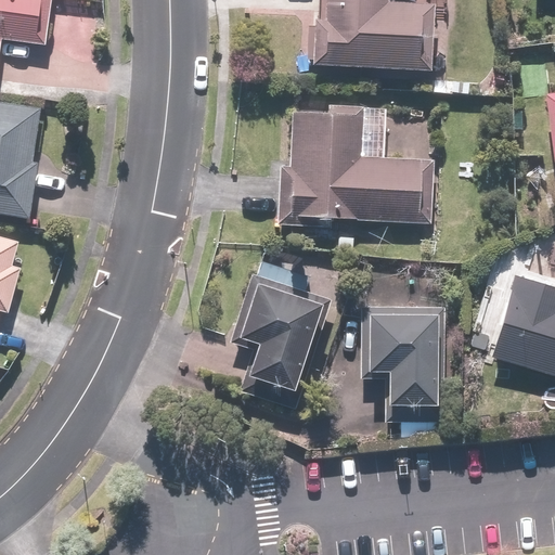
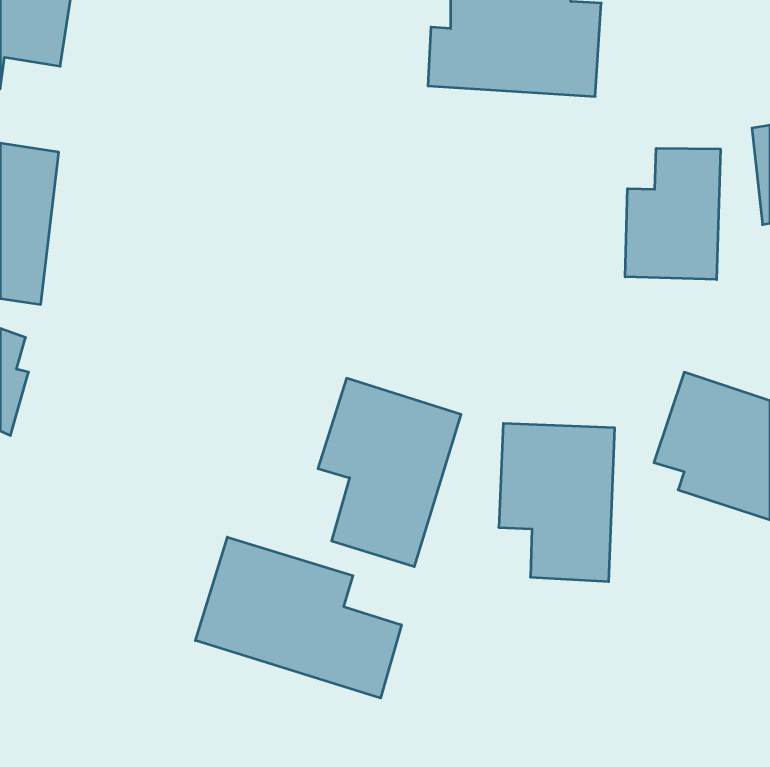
building: [275,105,434,227] -> none
building: none -> [625,148,720,280]
building: none -> [195,537,401,698]

